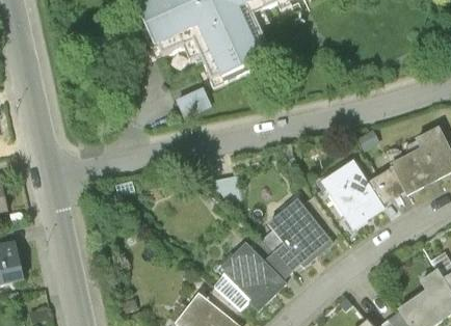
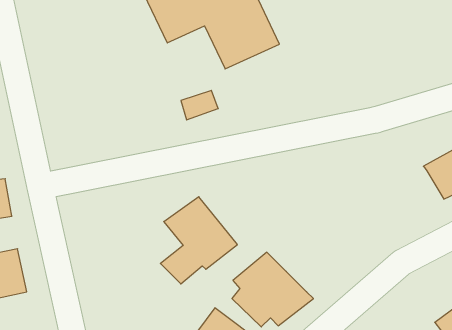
building: [319,161,407,227] -> none
building: [263,199,334,279] -> [160,197,237,284]

